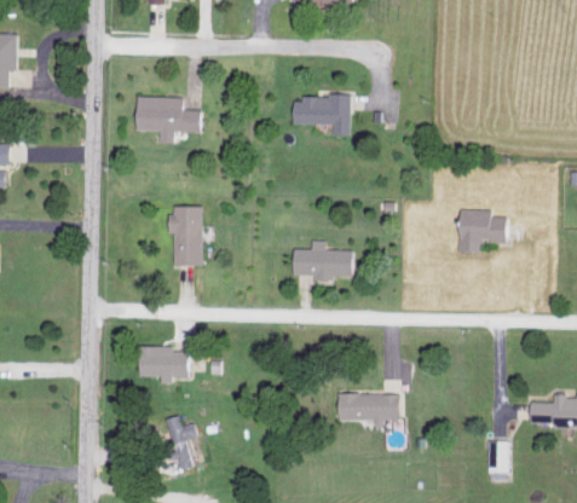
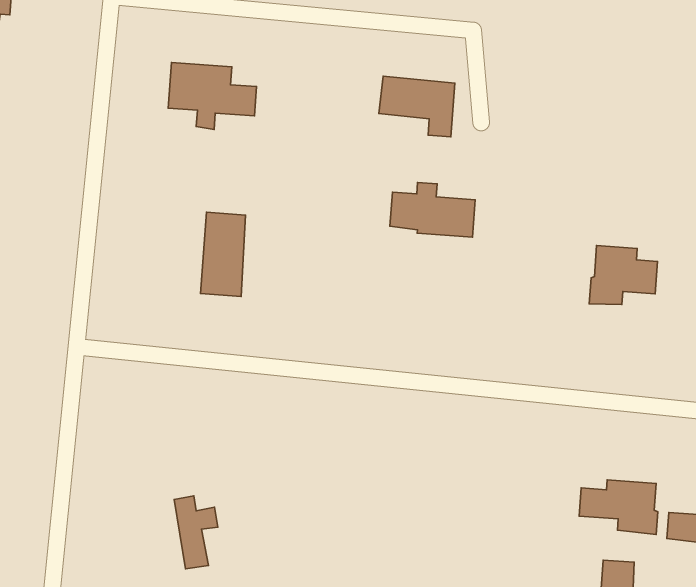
building: [292,241,353,278] -> [390,182,475,237]
building: [140,346,190,383] -> none
building: none -> [579,480,658,535]
building: [340,394,402,422] -> none

